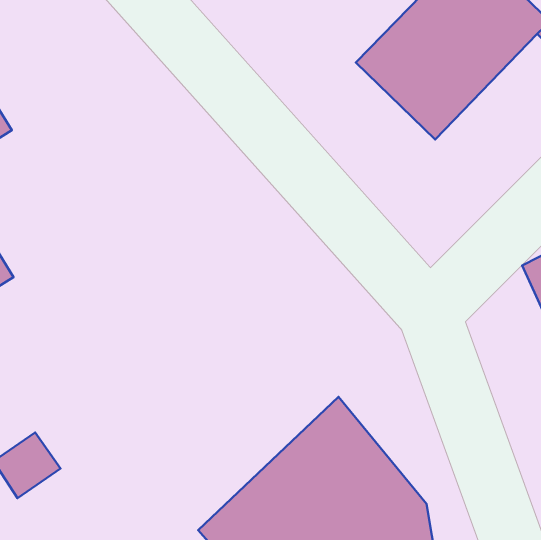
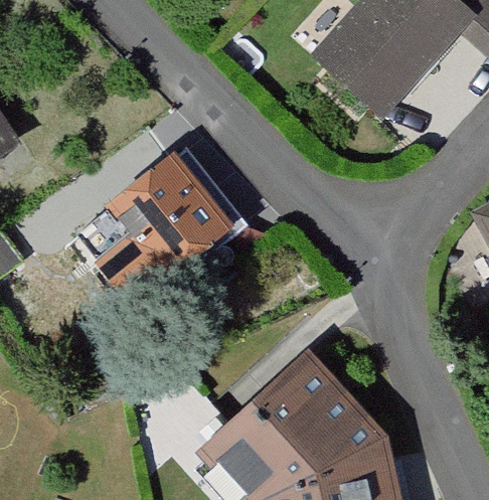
building: none -> [91,152,237,313]

